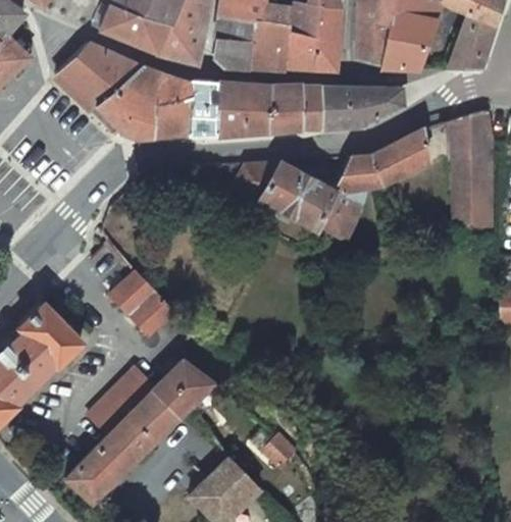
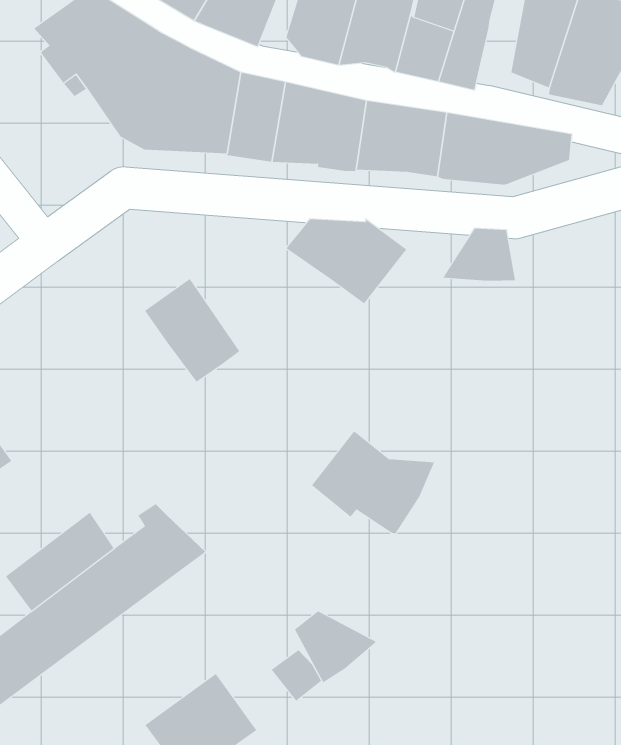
building: [369,129,429,186] -> none
building: [288,176,362,237] -> [311,431,435,534]
building: [111,271,174,335] -> [144,278,240,383]
building: none -> [294,610,377,683]

